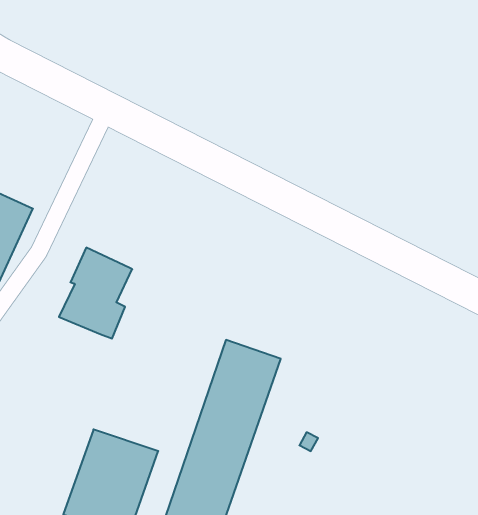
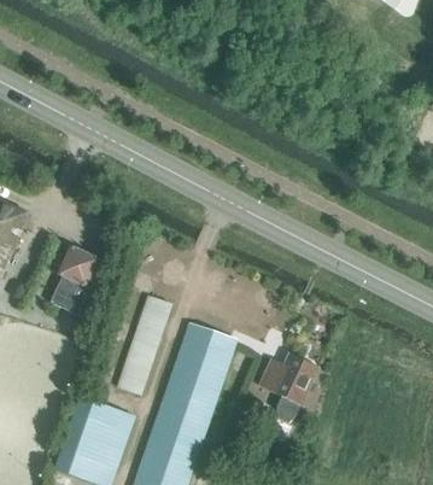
building: none -> [118,294,172,393]
building: none -> [259,352,318,421]

